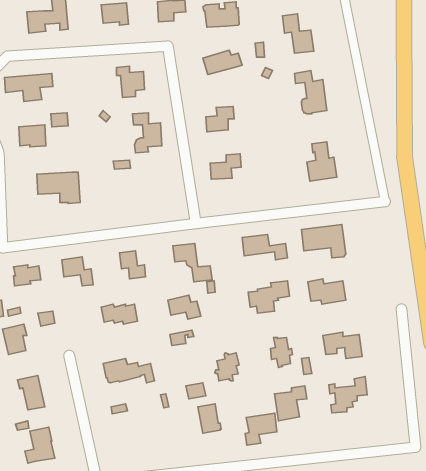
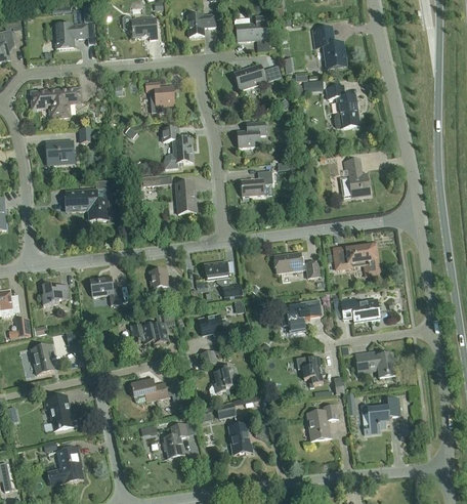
building: none -> [175,180,196,212]
building: [215,353,239,381] -> [210,365,235,393]
building: none -> [163,422,187,458]
building: [245,413,277,445] -> none

